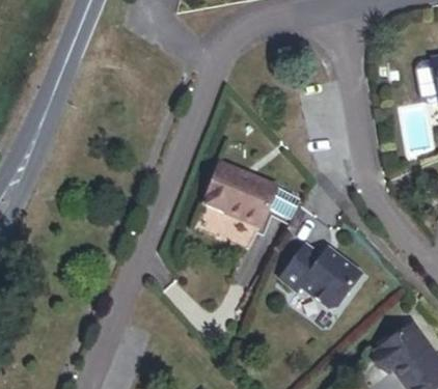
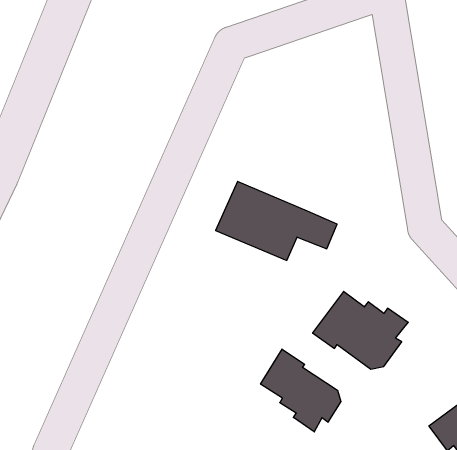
building: none -> [261,349,341,432]

